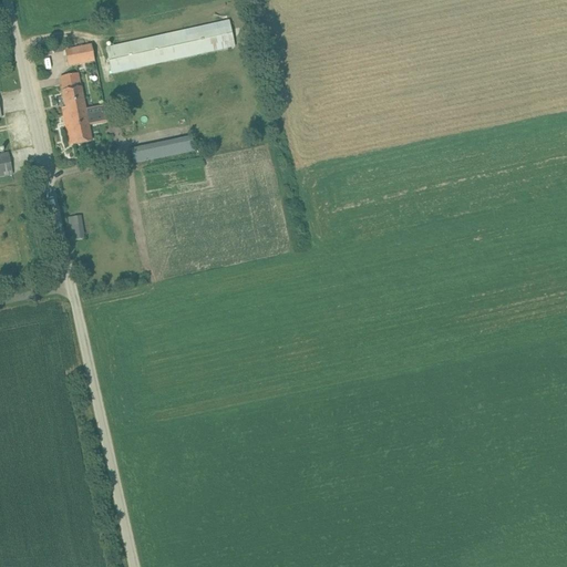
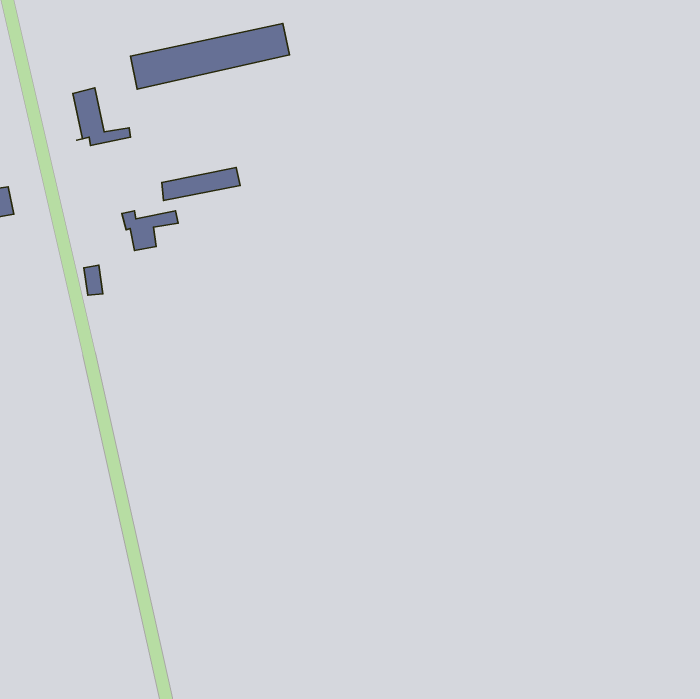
building: [63,42,93,65] -> none
building: [62,111,107,143] -> [122,211,178,251]

